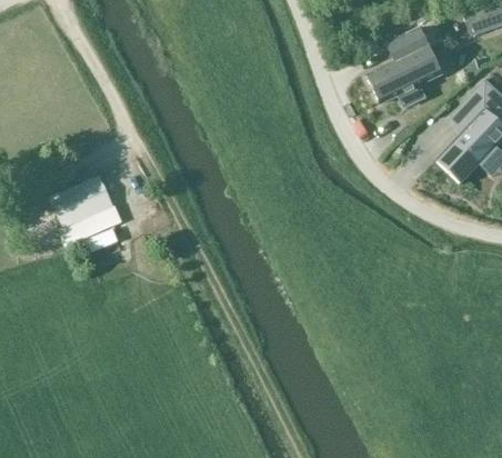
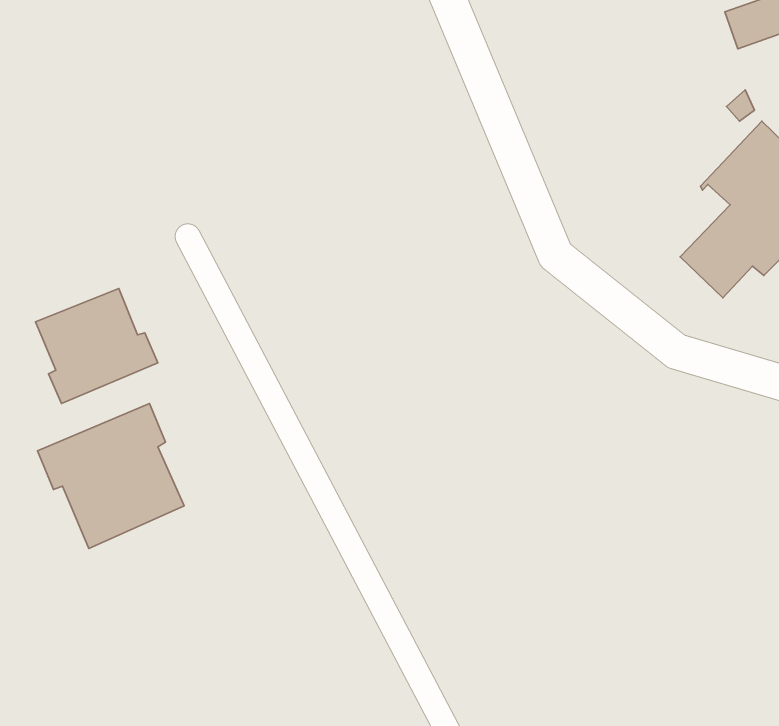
building: [367,20,443,106] -> none
building: none -> [38,403,184,549]

